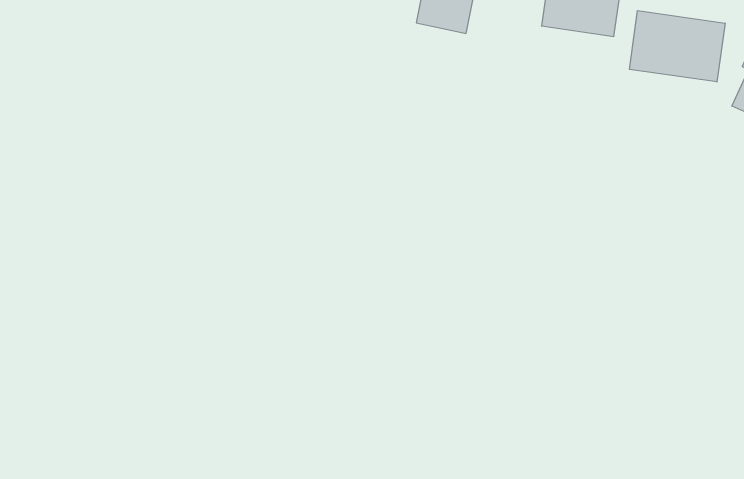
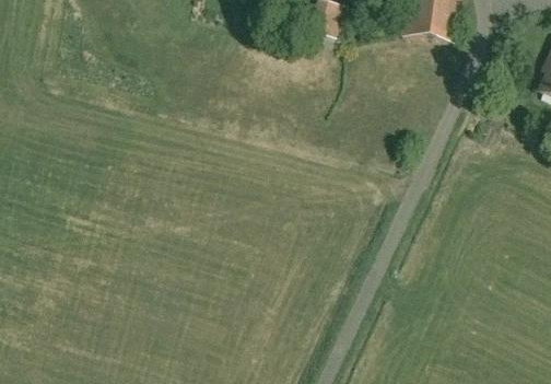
building: [629,11,725,82] -> none

